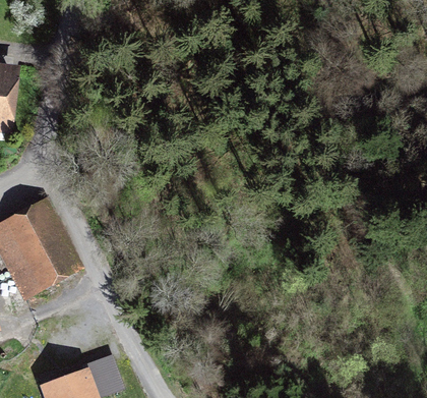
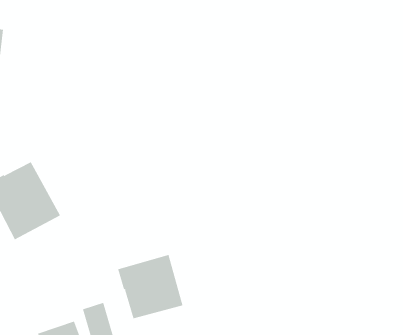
building: none -> [117,254,183,319]

